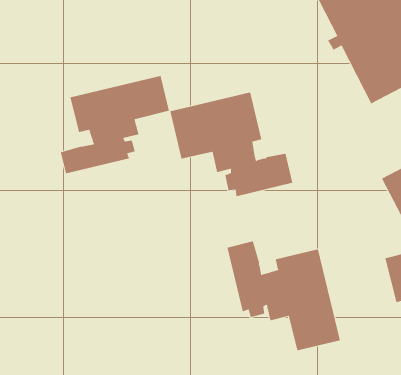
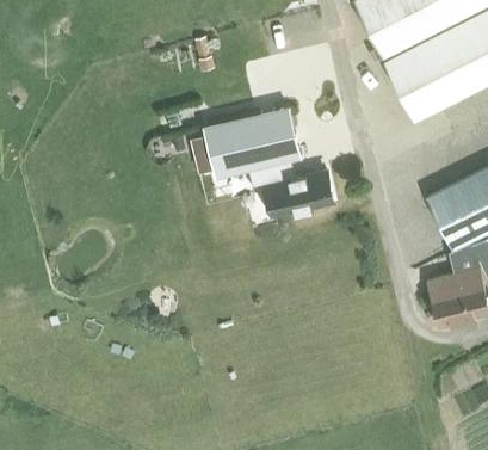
building: [60,75,170,174] -> none
building: [227,241,340,351] -> none

